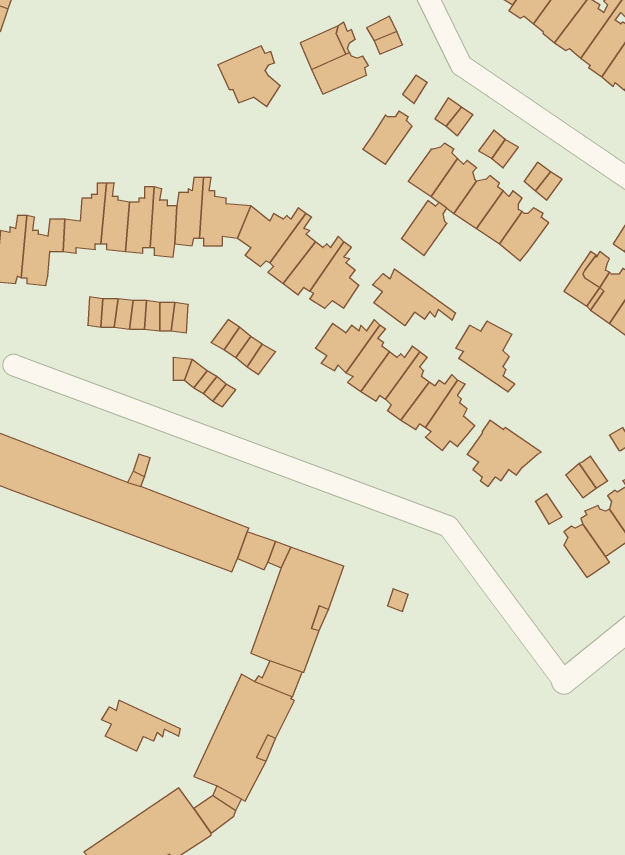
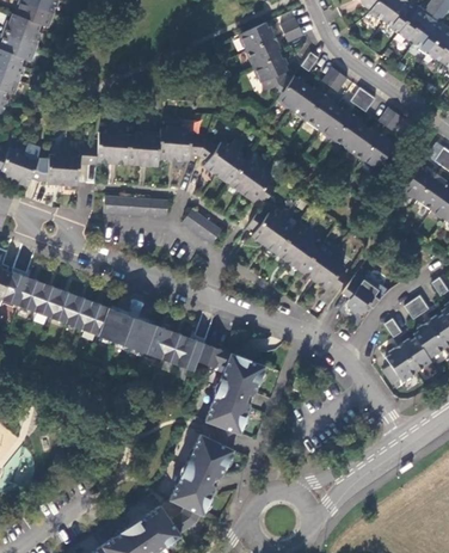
building: [218,46,280,107] -> [251,55,290,93]
building: [401,201,447,256] -> [290,87,319,122]
building: [372,269,455,326] -> none
building: [456,321,515,392] -> none
building: none -> [383,349,417,383]
building: [101,700,180,751] -> none

